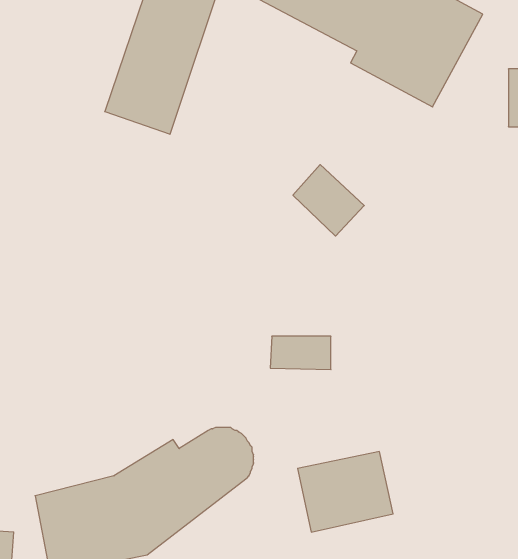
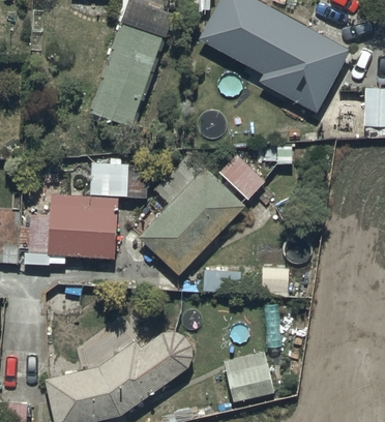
building: none -> [138,154,244,276]
building: none -> [29,161,129,258]

